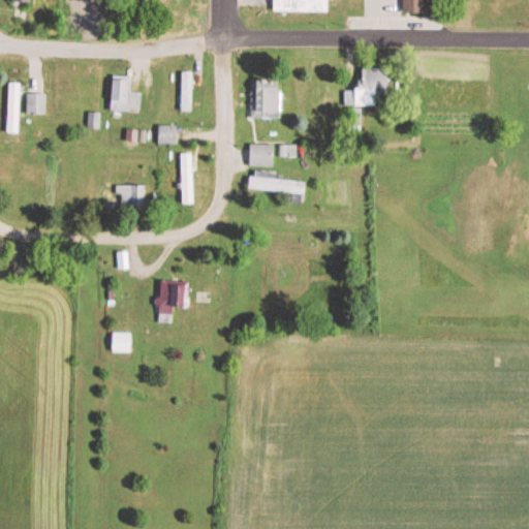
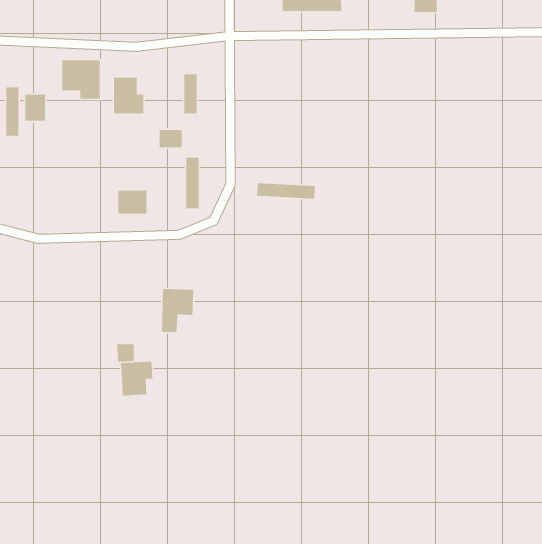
building: none -> [62,59,101,99]
building: [342,67,388,106] -> none
building: [253,77,281,112] -> none
building: [248,144,295,166] -> none
building: none -> [120,361,153,396]

